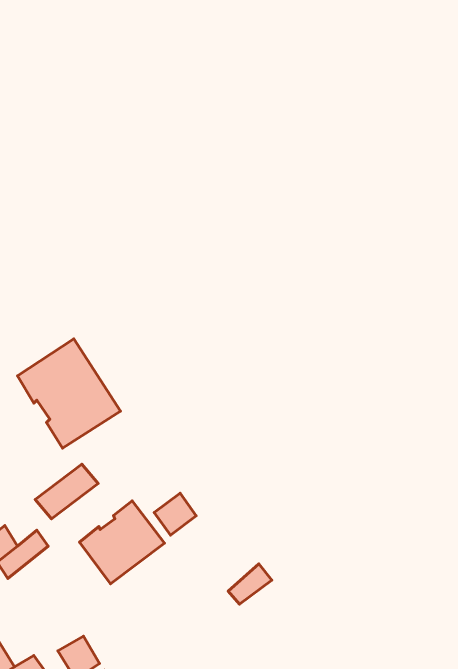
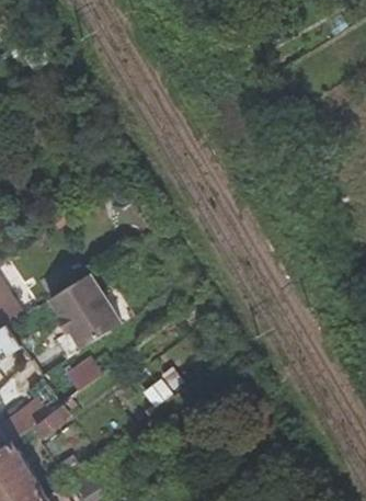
building: [79,501,164,584] -> none

